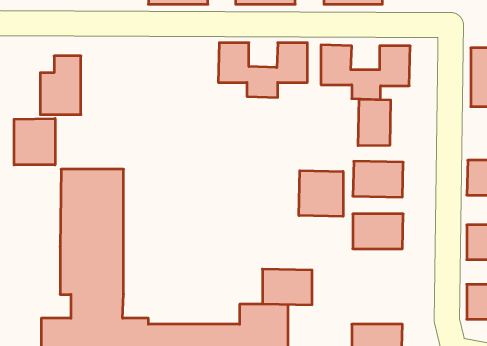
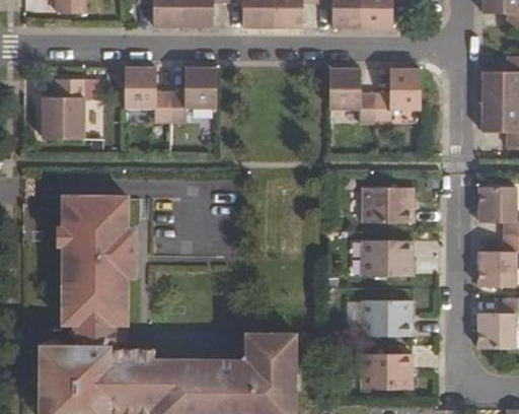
building: [218,43,307,97] -> [125,68,216,124]
building: [358,99,391,146] -> none
building: [14,118,55,165] -> none
building: [299,171,343,216] -> none
building: [262,269,312,305] -> [362,300,413,337]

